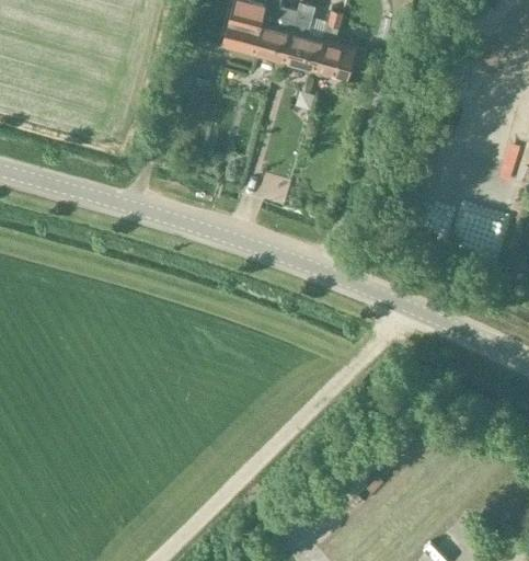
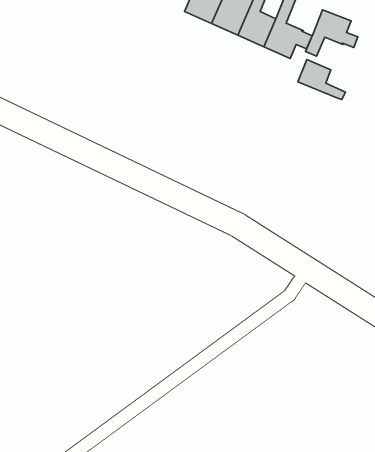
building: none -> [305,10,358,56]
building: none -> [298,60,346,100]

